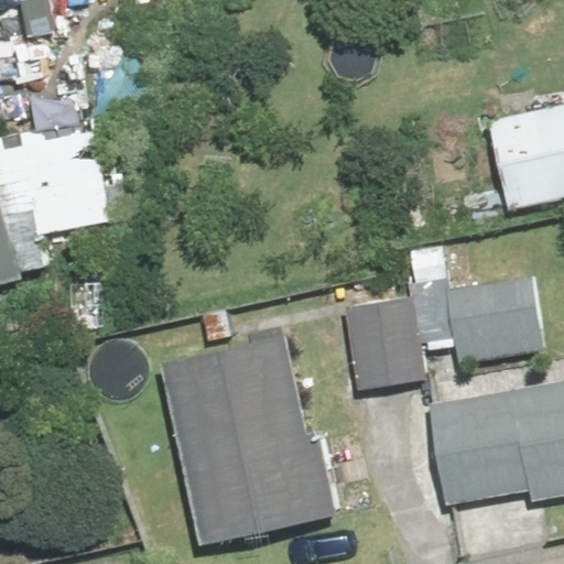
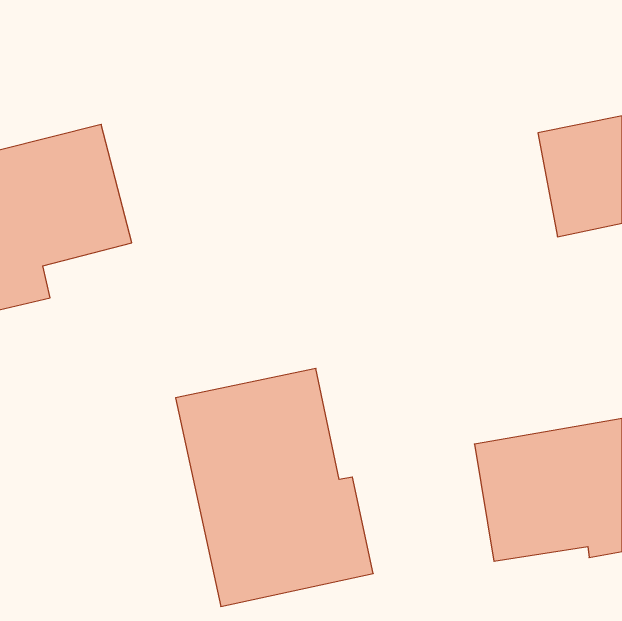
building: [345,246,546,392] -> none

